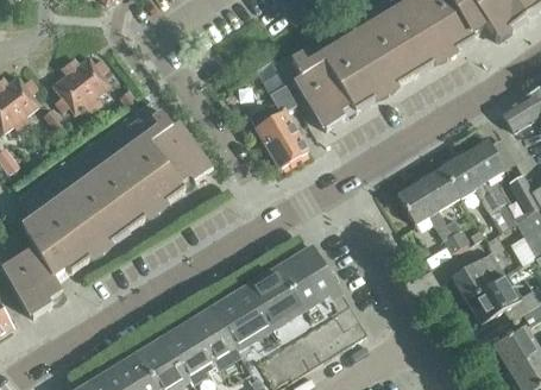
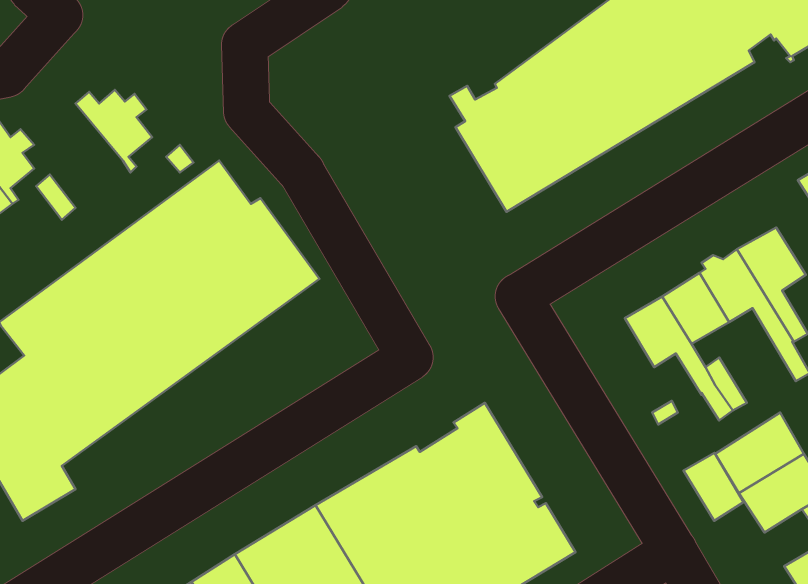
building: [52,64,99,113] -> none
building: [256,71,309,166] -> none
building: none -> [683,453,744,521]

